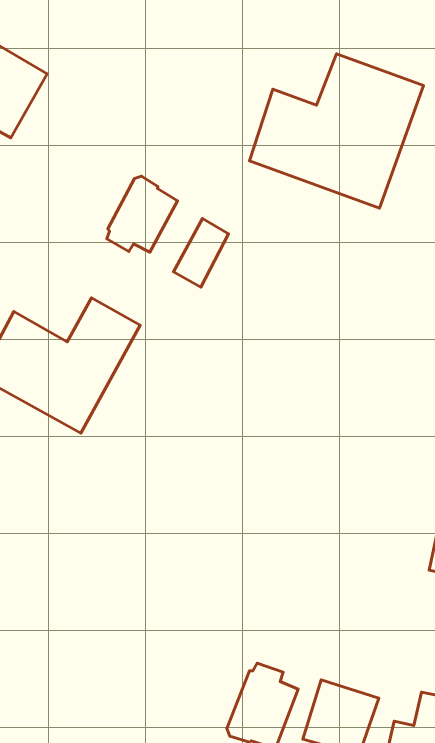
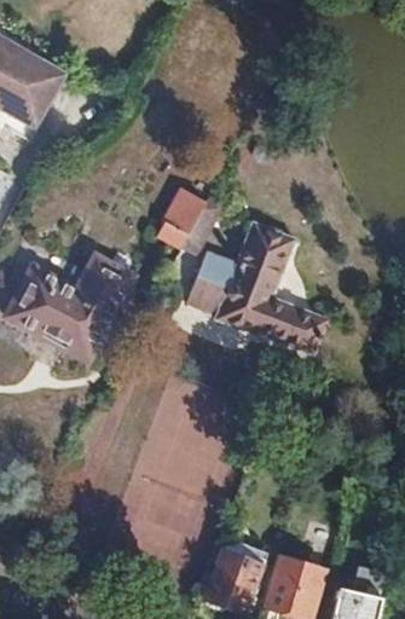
building: [249,54,423,208] -> none
building: [107,176,178,252] -> none
building: none -> [190,219,330,351]

